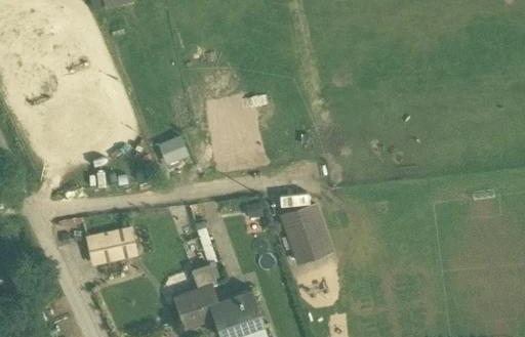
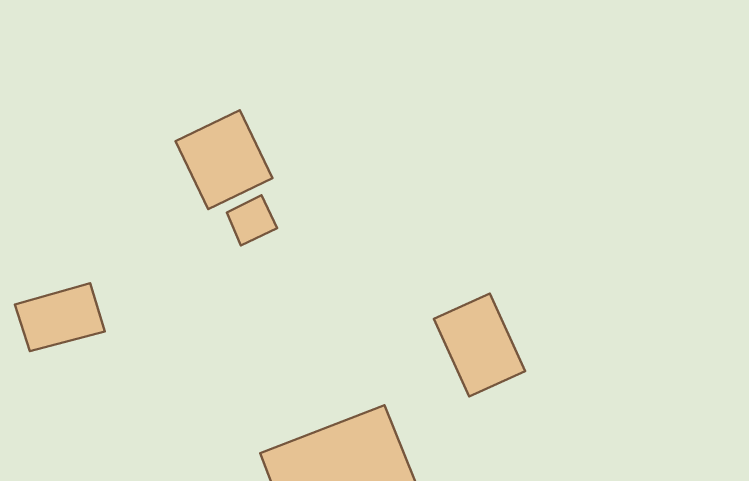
building: none -> [176,110,273,209]
building: [85,226,138,265] -> [15,283,105,351]

